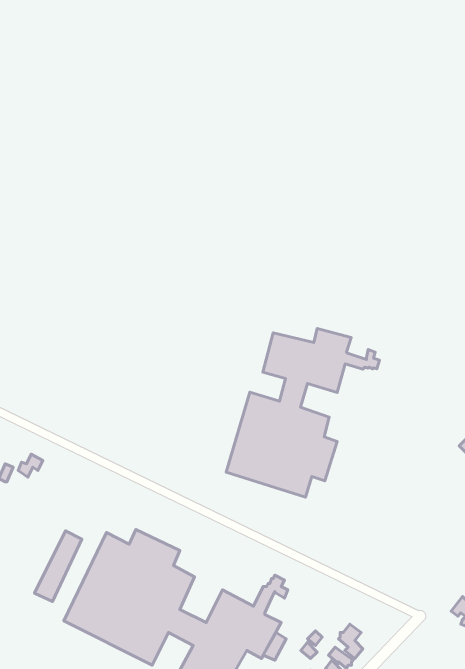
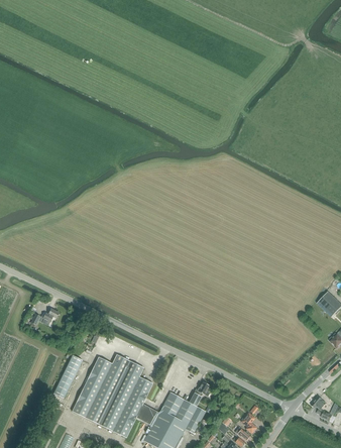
building: [226,329,379,497] -> none

